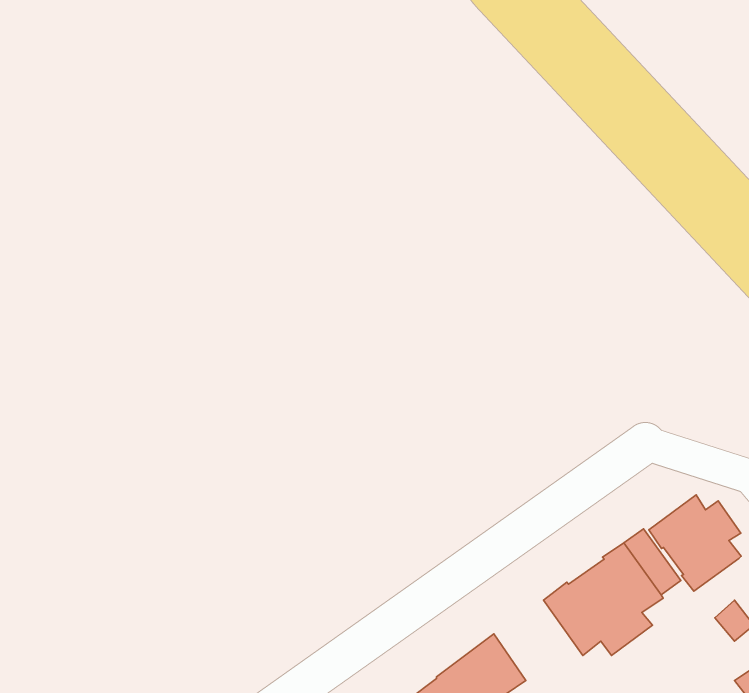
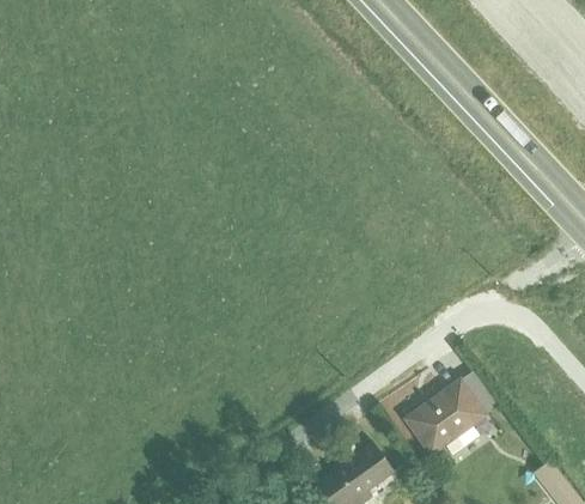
building: [649,495,741,591] -> none

